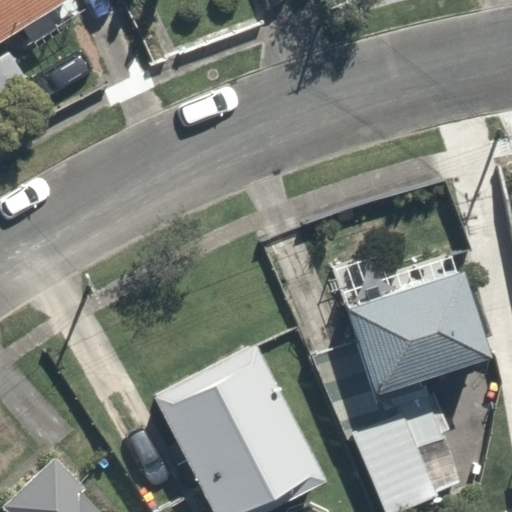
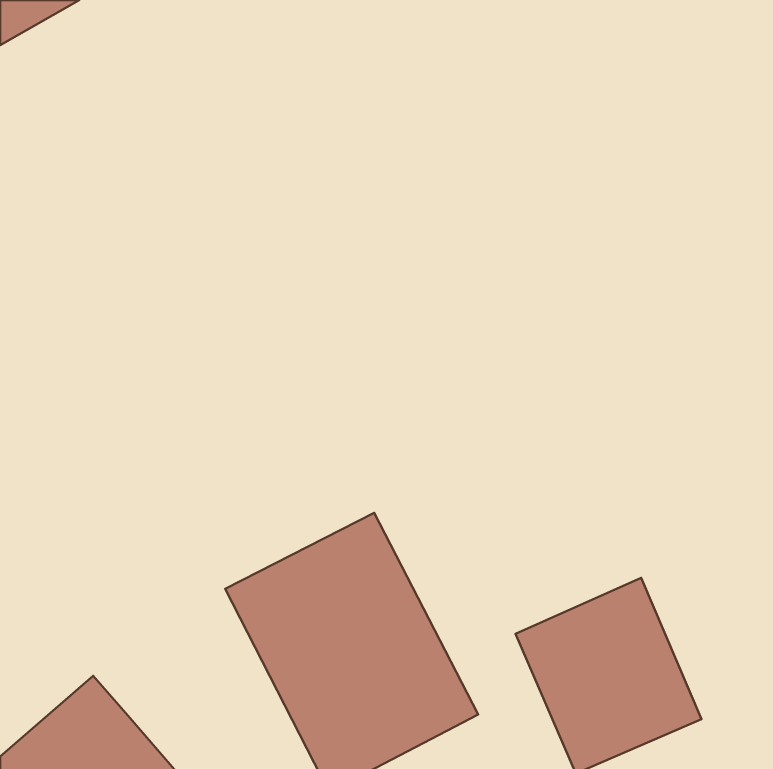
building: [340,254,483,375] -> none

